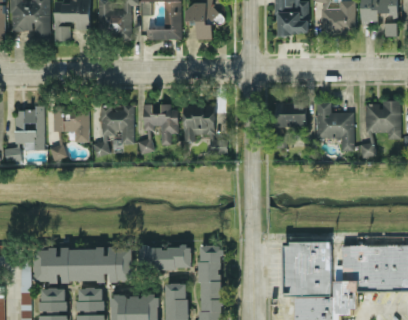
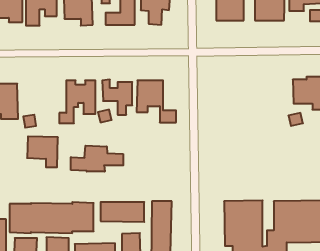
building: [316,102,354,152] -> none
building: [275,103,306,128] -> none
building: [53,106,89,142] -> [27,136,58,167]
building: none -> [71,146,123,172]

